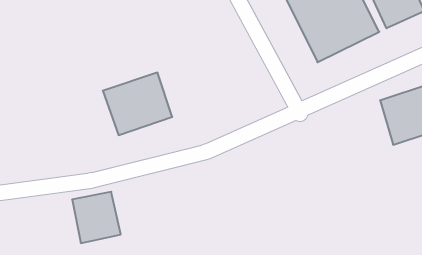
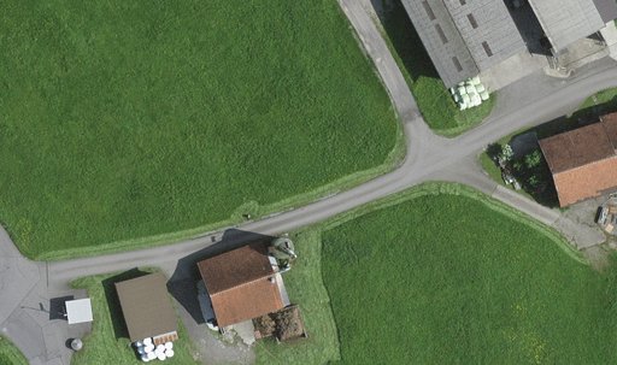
building: [103,73,172,135] -> [193,239,289,325]

